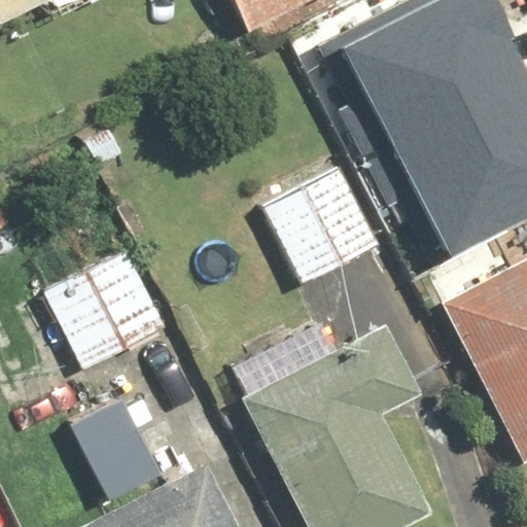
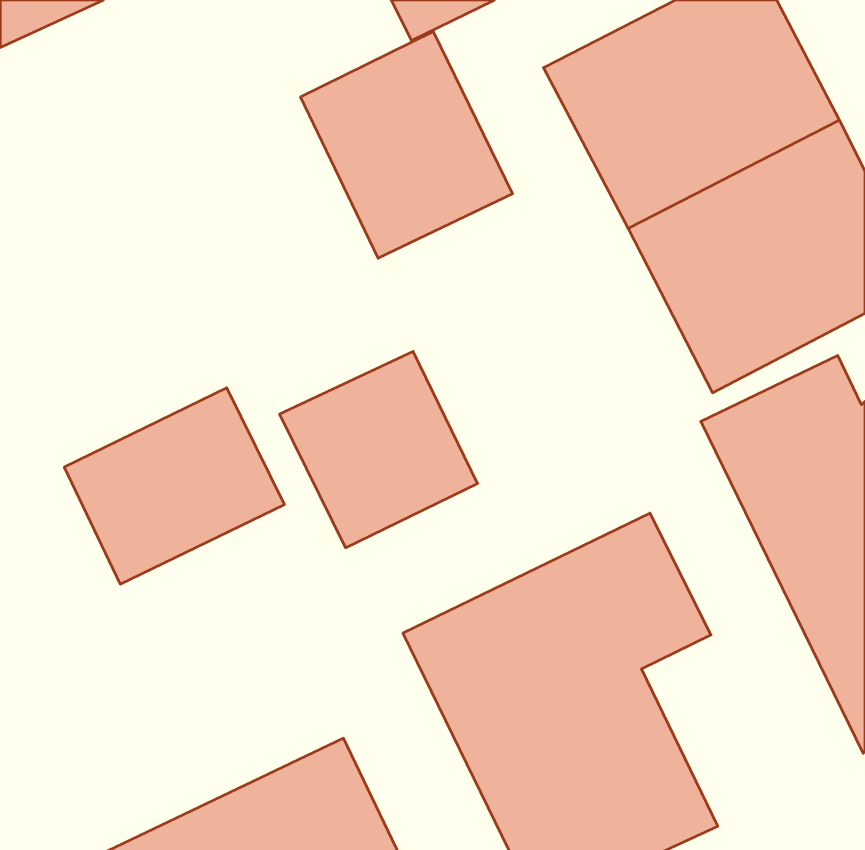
building: none -> [301,32,512,258]
building: [261,165,382,284] -> [280,351,478,548]
building: [69,393,167,502] -> none

